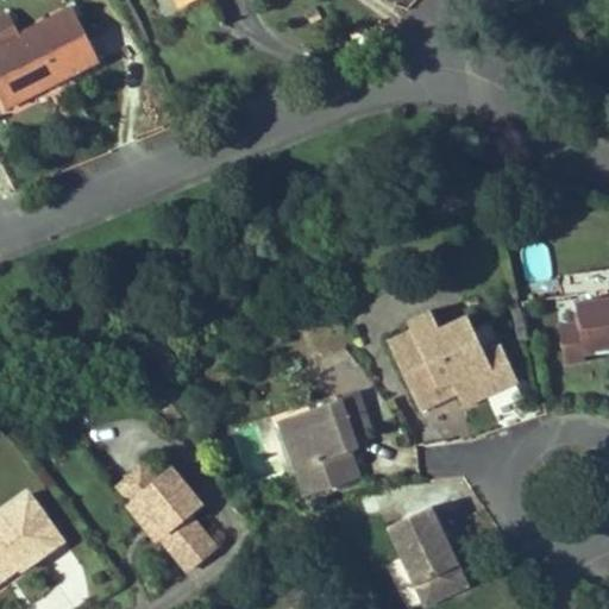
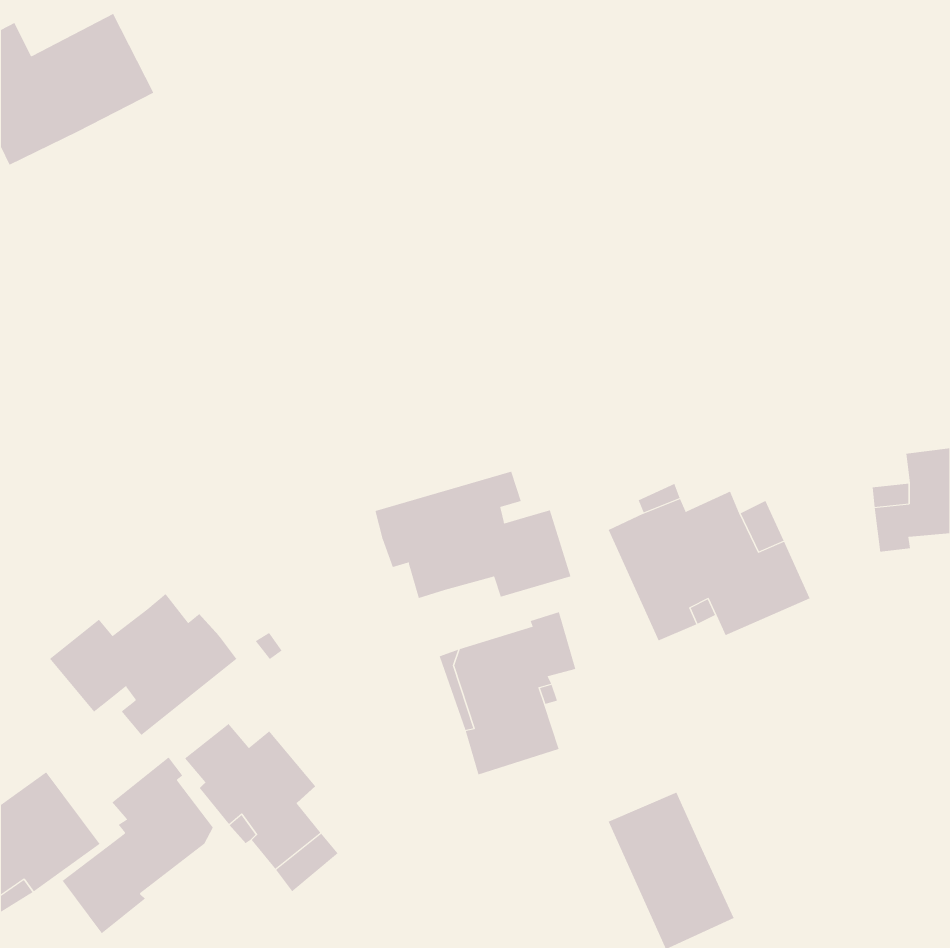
building: none -> [375,471,571,599]
building: none -> [49,593,237,736]
building: none -> [62,756,214,934]

